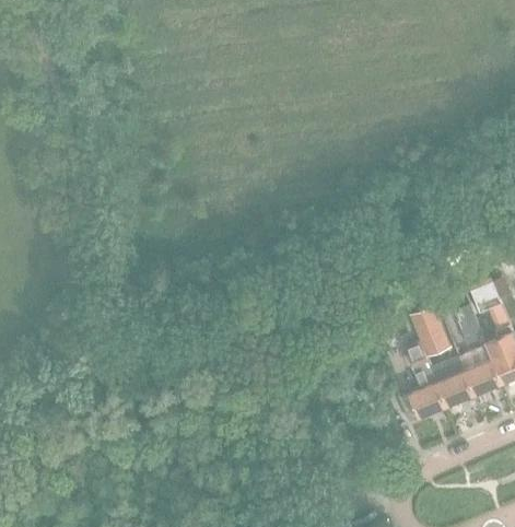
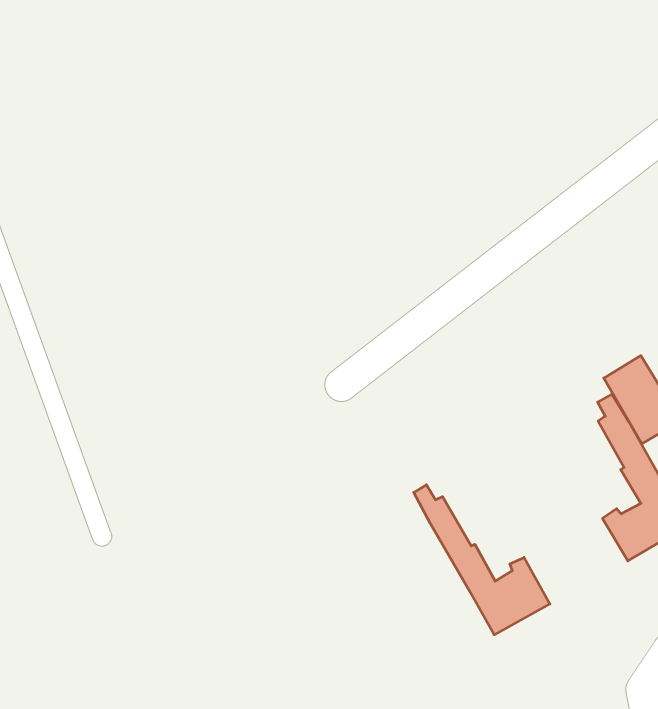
building: none -> [414,485,550,635]

